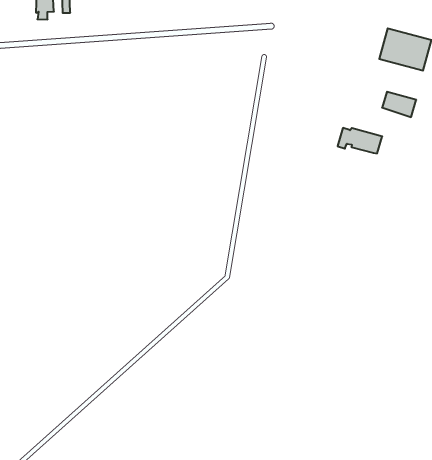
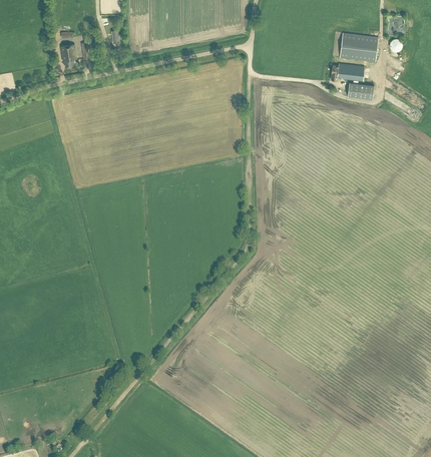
building: [338,128,382,153] -> [330,64,364,81]

